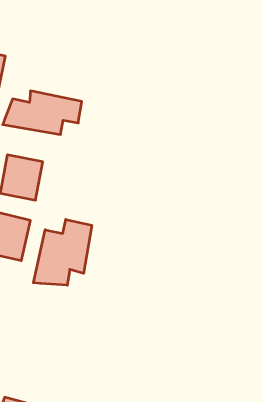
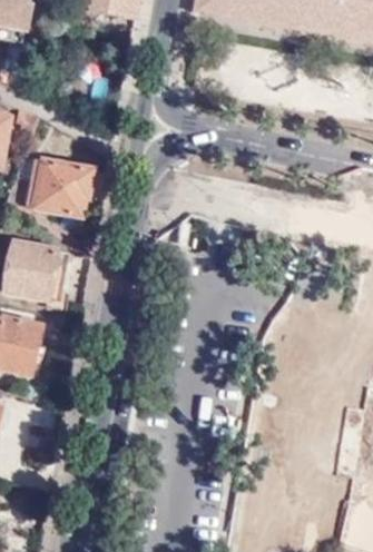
building: [33,219,92,285] -> none

